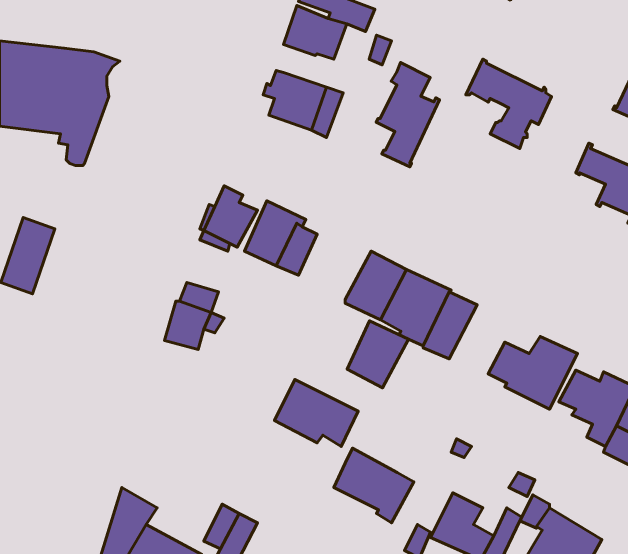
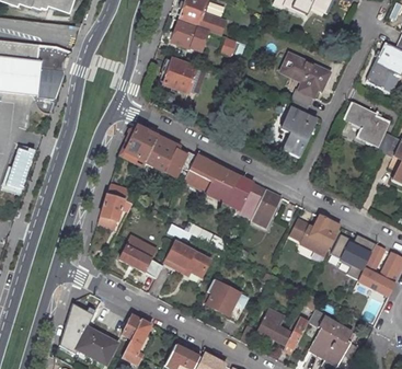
building: [376,63,440,167] -> [278,95,315,157]
building: [347,321,409,388] -> [186,153,222,193]
building: none -> [120,234,165,278]

